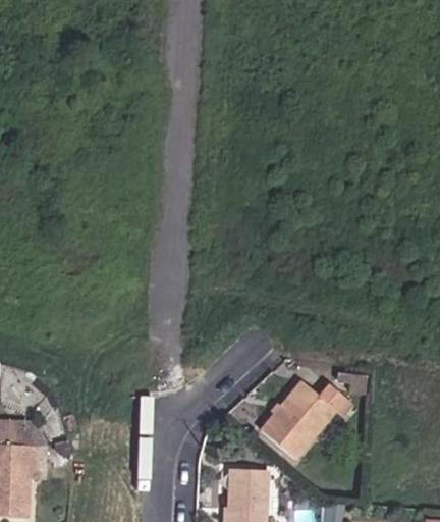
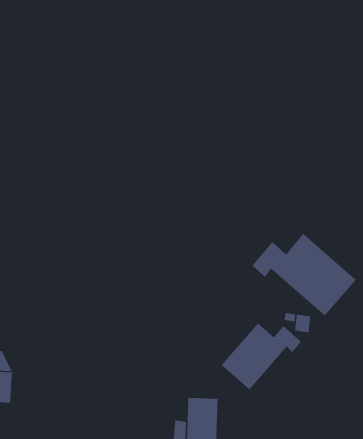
building: none -> [252,233,357,317]

